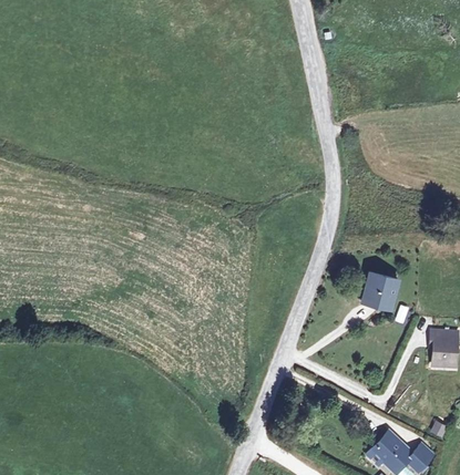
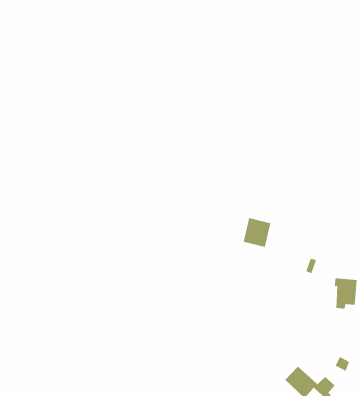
building: [364,272,397,308] -> [243,217,271,248]

